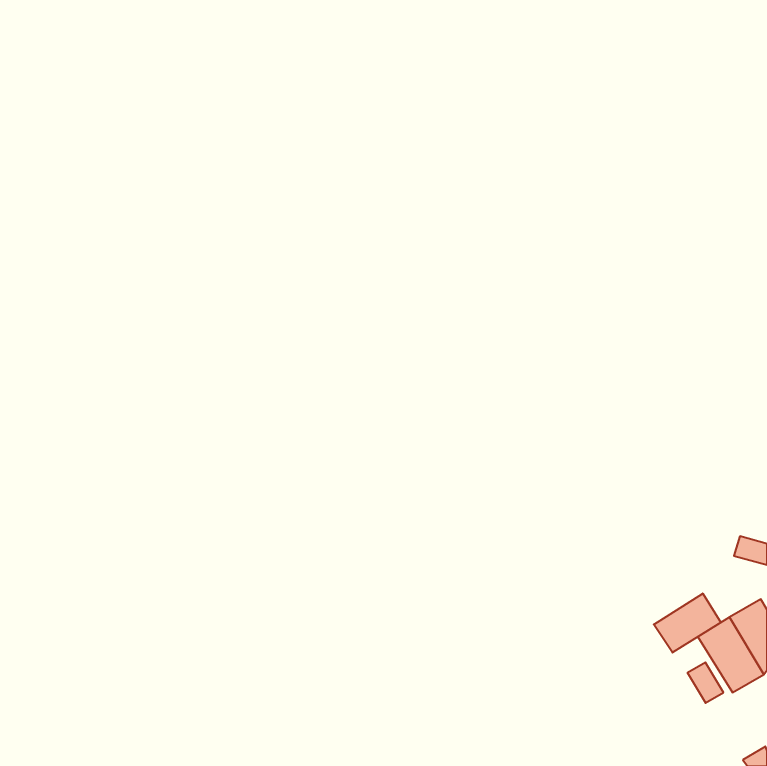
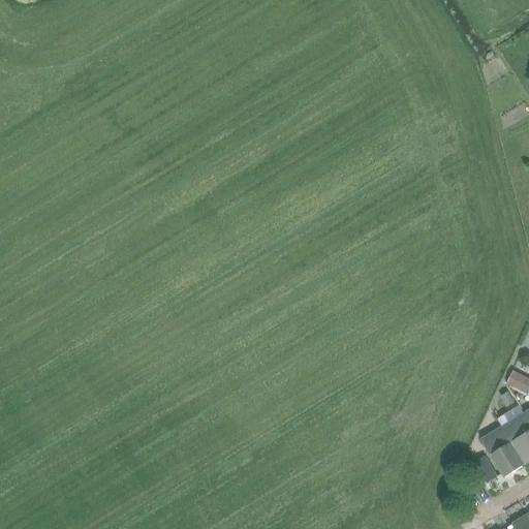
building: [654,593,721,653] -> none

